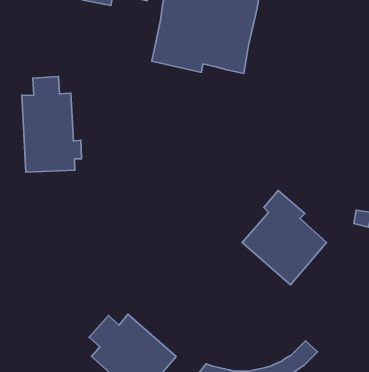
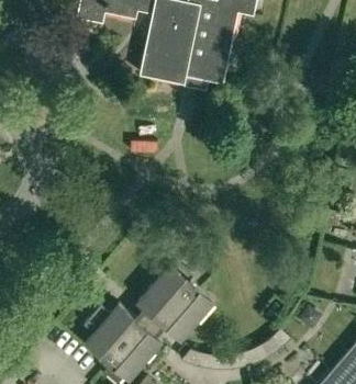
building: [22,76,81,172] -> none
building: [242,191,327,285] -> [137,258,214,343]

